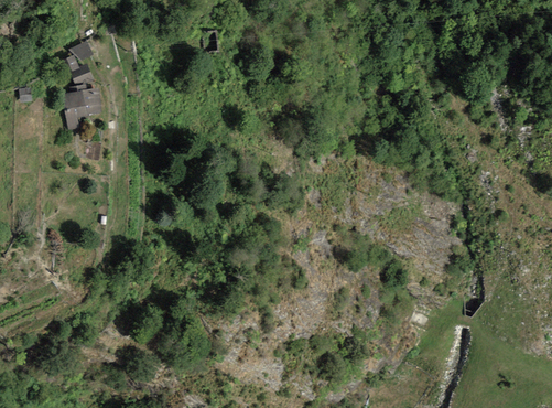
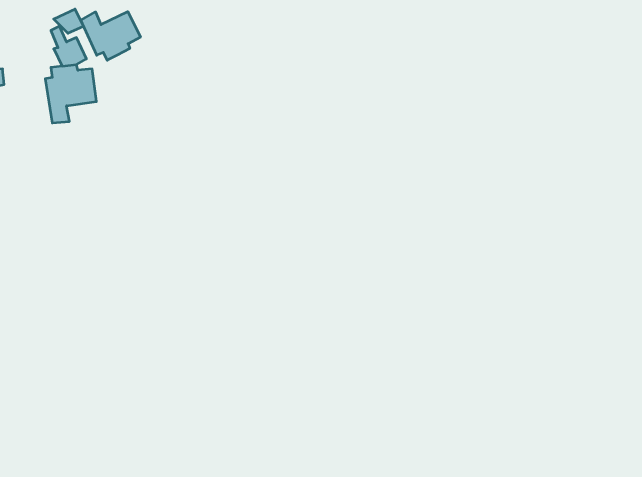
building: none -> [81,12,140,60]

